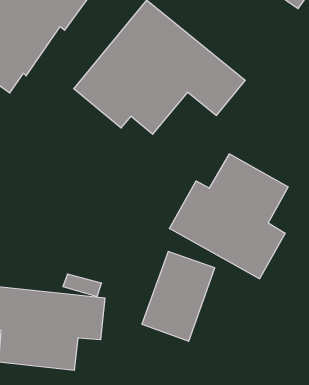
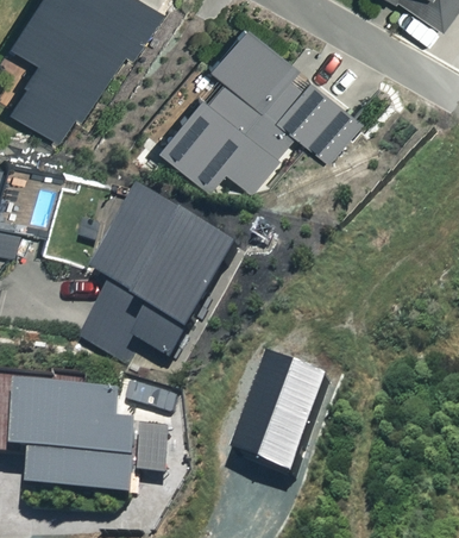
building: none -> [77,182,239,364]
building: [169,154,288,279] -> none

